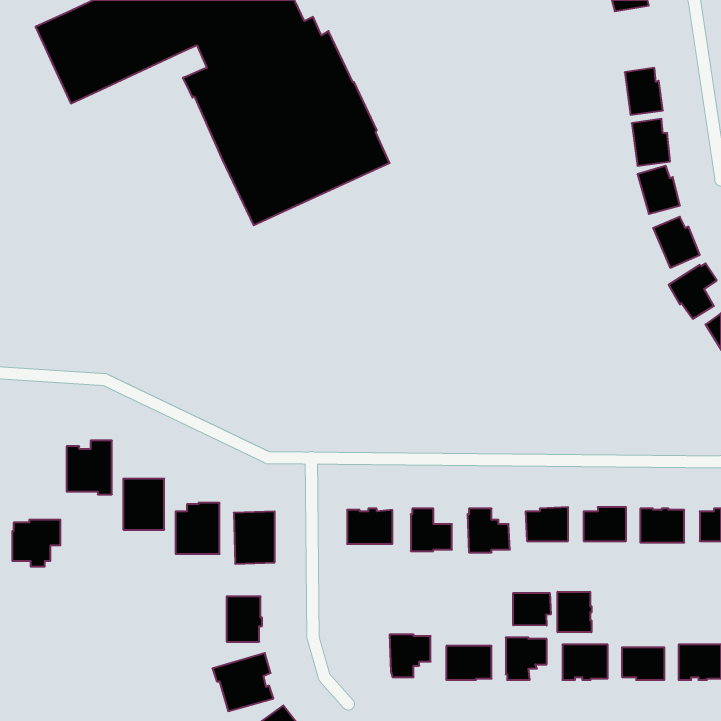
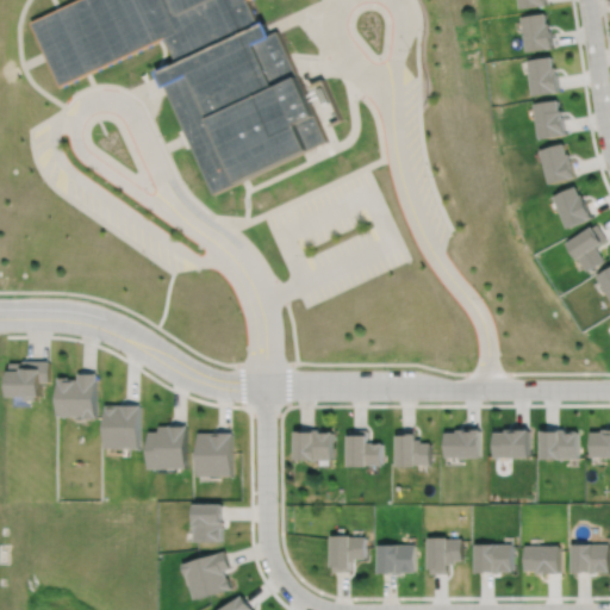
building: none -> [519,15,552,55]
building: [12,520,60,567] -> [7,361,48,400]
building: [558,592,591,632] -> none
building: [513,593,551,626] -> none

